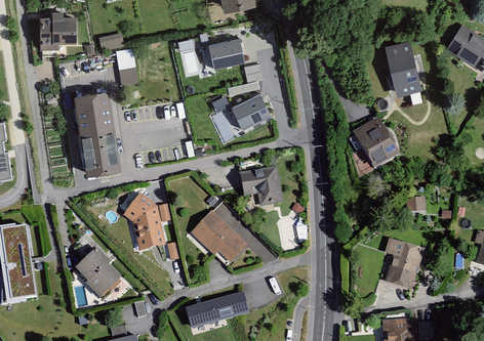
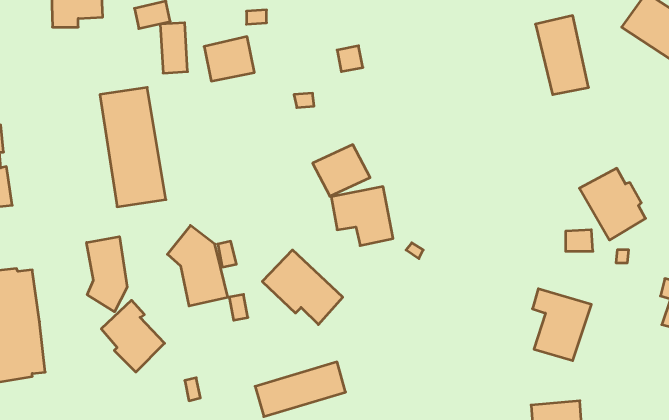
building: [208,38,244,70] -> [204,37,254,81]
building: [230,94,271,131] -> [313,145,370,196]
building: [352,116,399,167] -> [579,168,646,240]
building: none -> [87,237,127,312]

